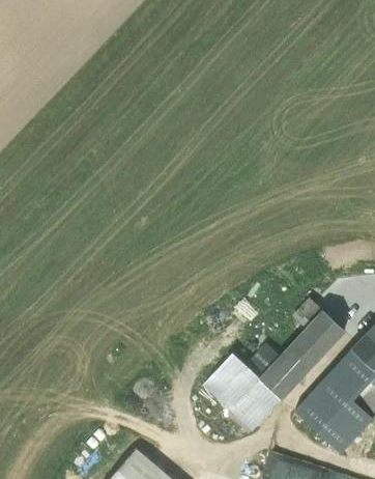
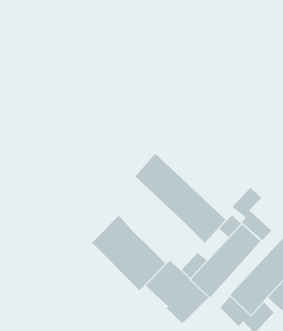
building: none -> [135,153,226,244]
building: none -> [232,187,272,241]
building: none -> [91,215,166,291]

